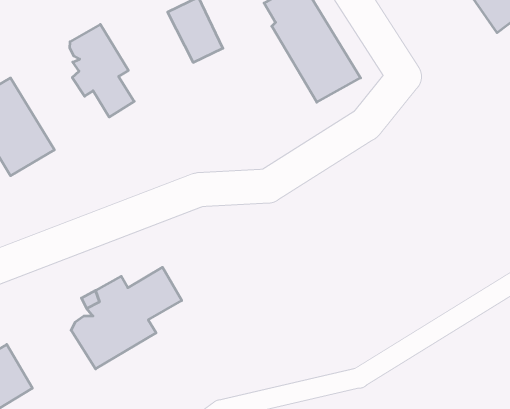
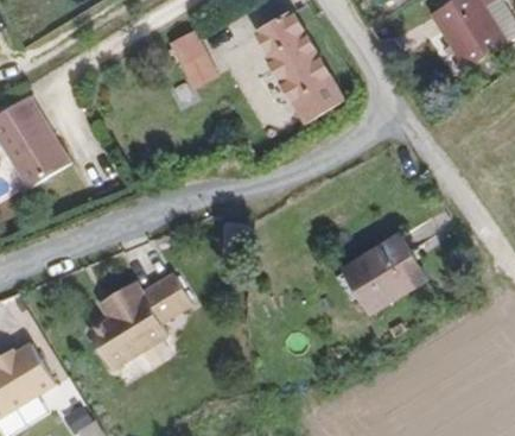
building: [70,24,134,117] -> none
building: none -> [338,240,417,316]

